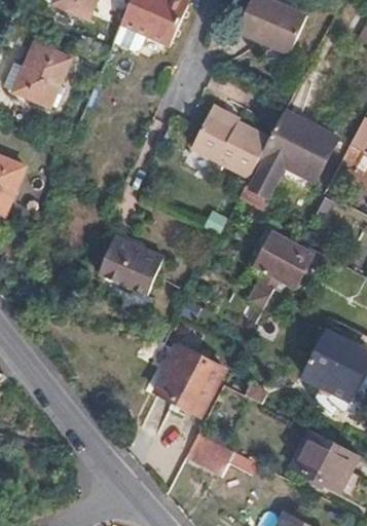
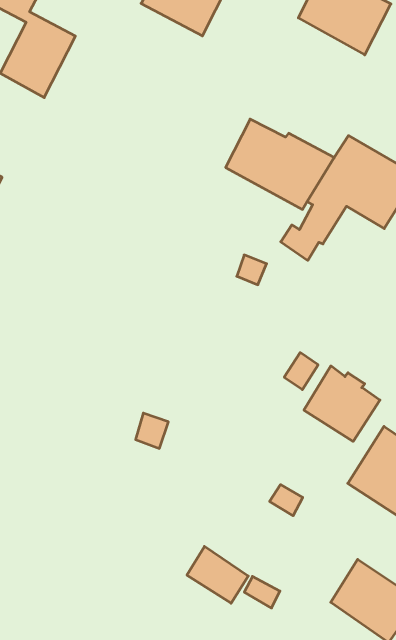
building: [257,230,314,286] -> [304,366,380,441]
building: [100,237,161,294] -> none
building: [154,345,224,415] -> none

